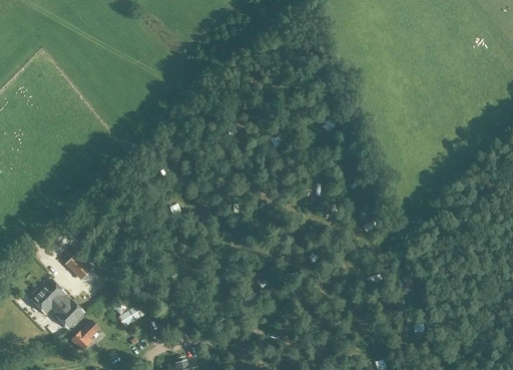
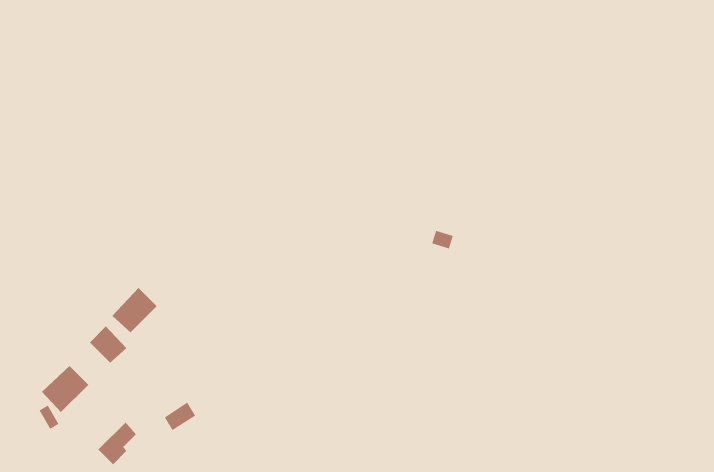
building: none -> [112,287,157,333]
building: [56,300,84,329] -> none

